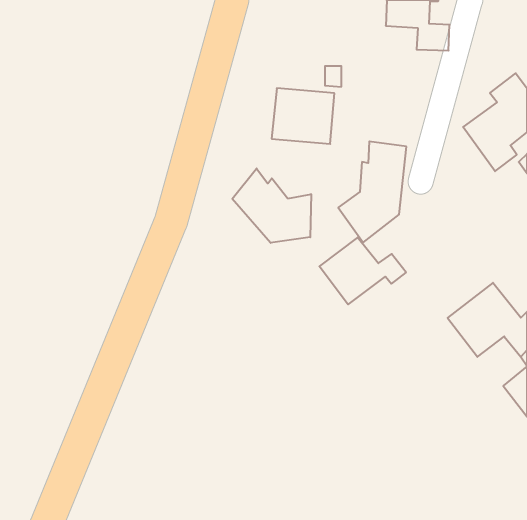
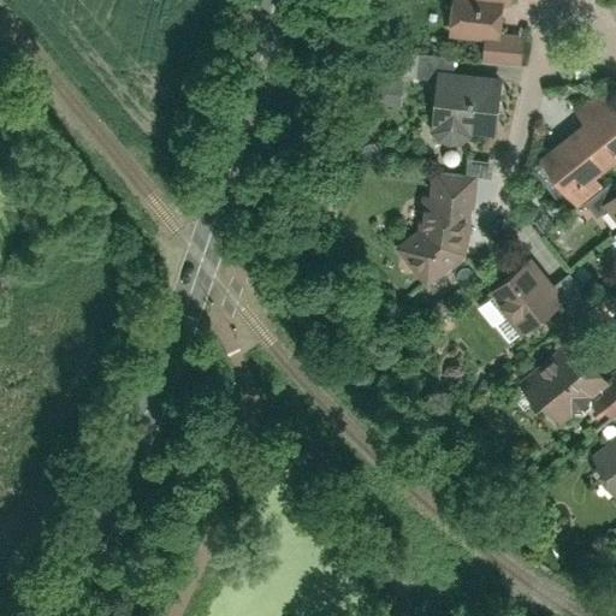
building: [272,88,334,144] -> [428,72,502,137]
building: [232,168,311,243] -> none
building: [319,237,406,304] -> [487,259,588,337]

